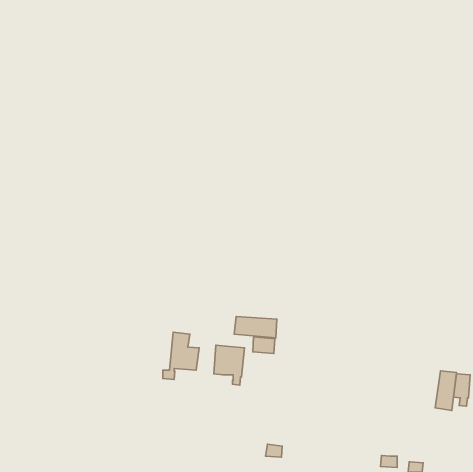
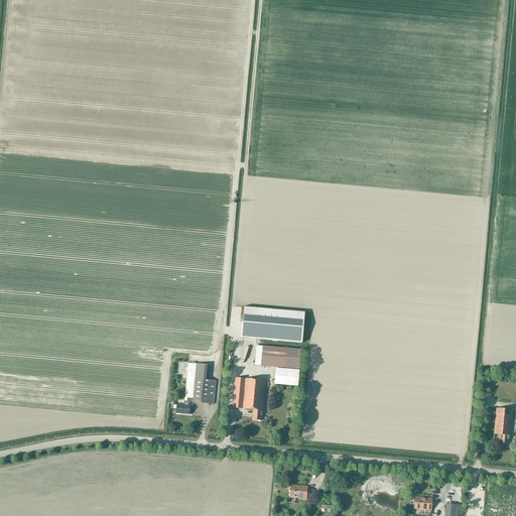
building: none -> [242,306,304,342]
building: [435,371,456,410] -> none

